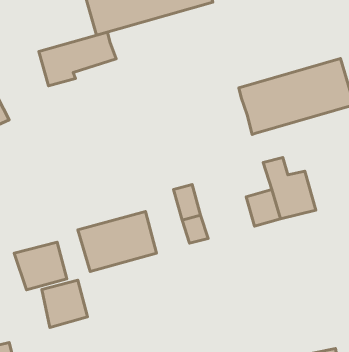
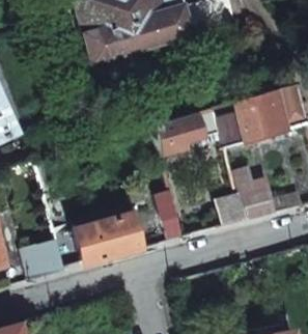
building: [39,32,116,86] -> [153,108,219,154]
building: [42,280,88,327] -> none

